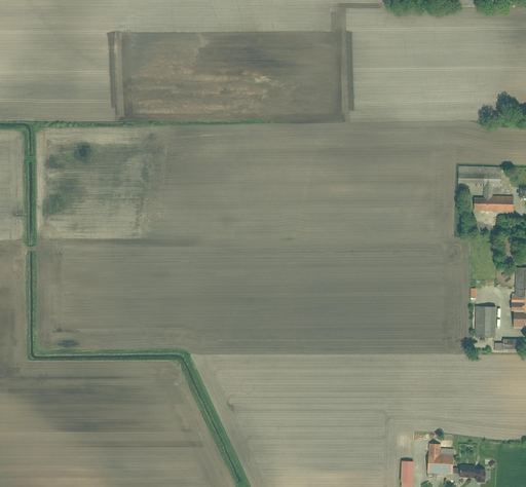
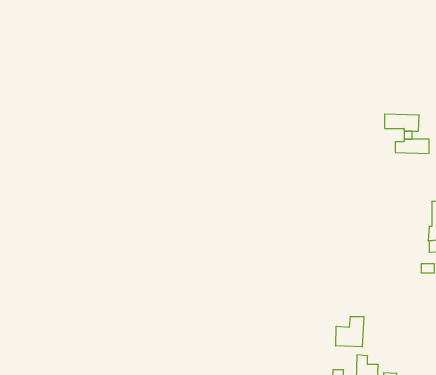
building: [475,306,495,337] -> none
building: none -> [336,316,364,347]

